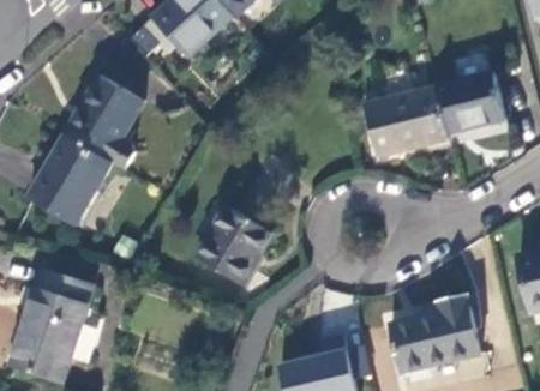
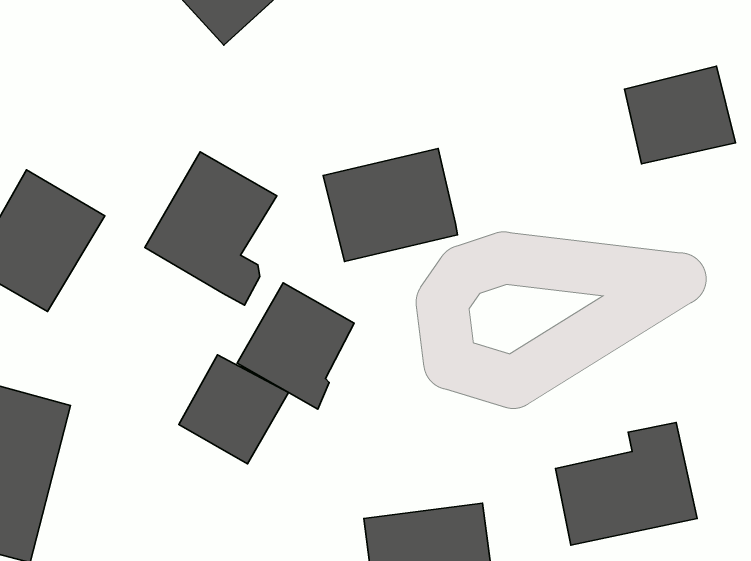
building: [62,76,145,172] -> [145,152,277,305]
building: [365,85,449,156] -> [323,149,457,262]
building: none -> [179,355,288,464]

